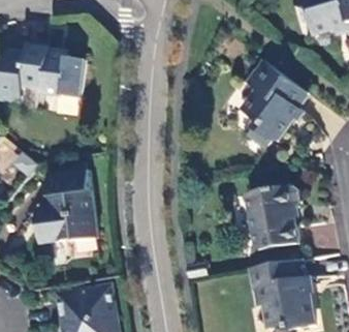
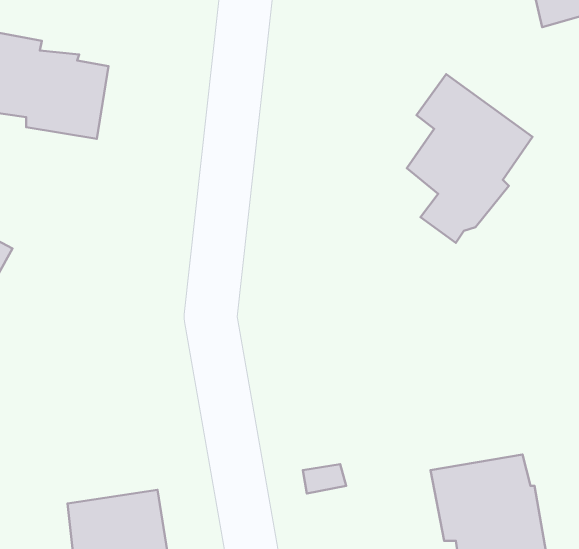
building: [31,168,92,243] -> none
building: [250,192,299,256] -> none

